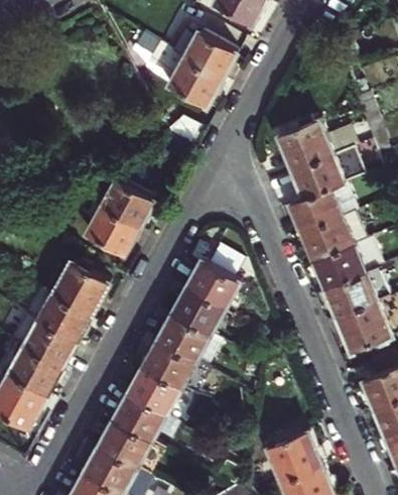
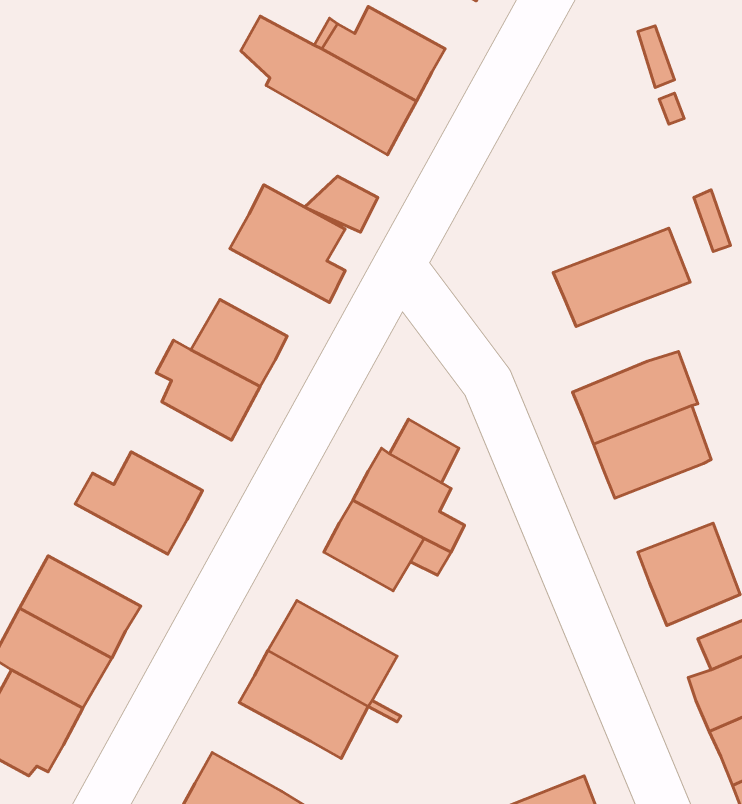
building: [278,120,330,168] -> none
building: none -> [230,185,345,303]
building: [289,187,341,231] -> none
building: [323,268,381,315] -> none
building: [23,288,90,343] -> none
building: [157,315,224,369] -> none
building: [113,393,164,440] -> none

